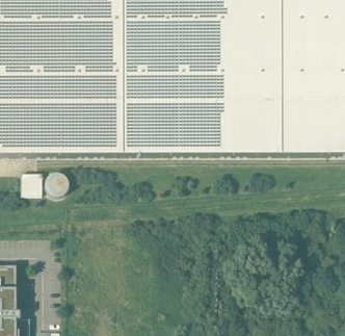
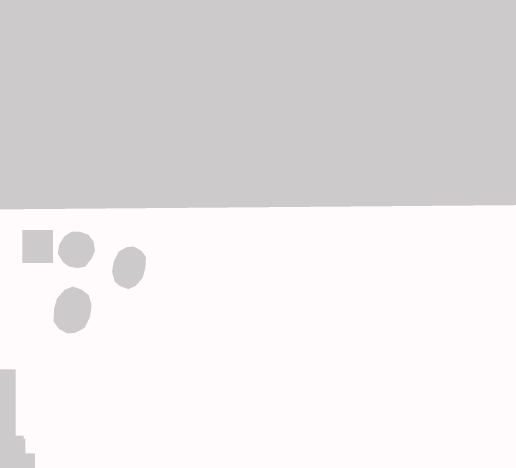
building: none -> [111,246,146,290]
building: none -> [53,286,92,334]

